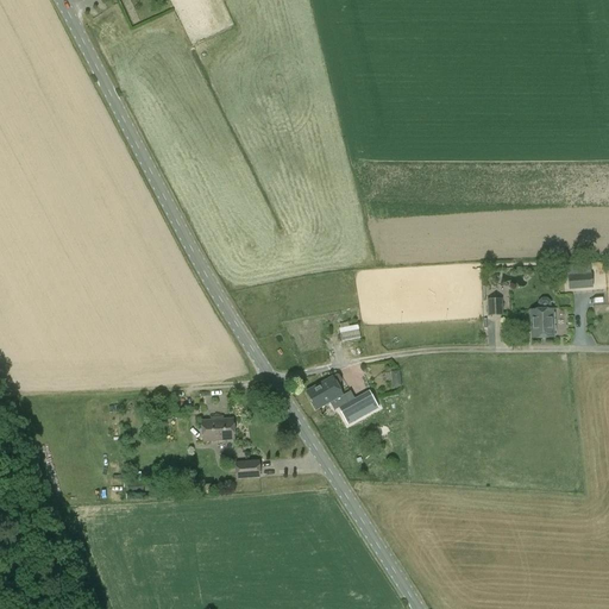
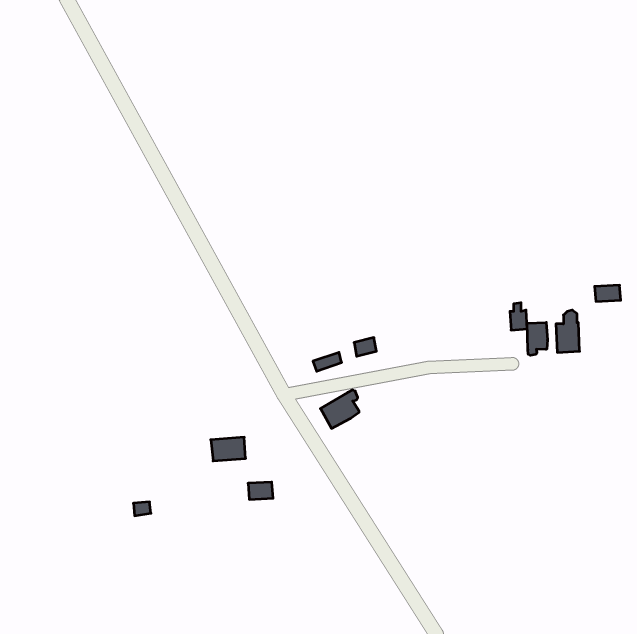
building: none -> [527,322,547,355]
building: [338,389,378,422] -> none

